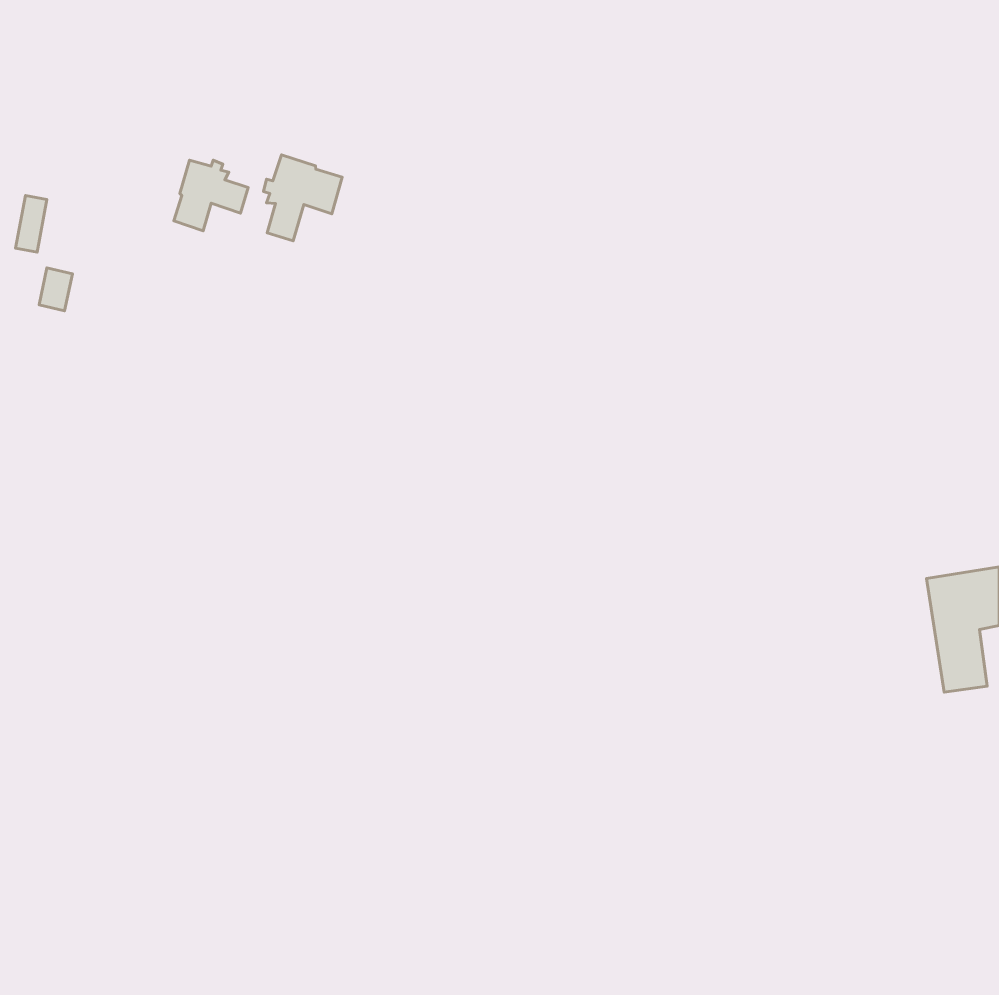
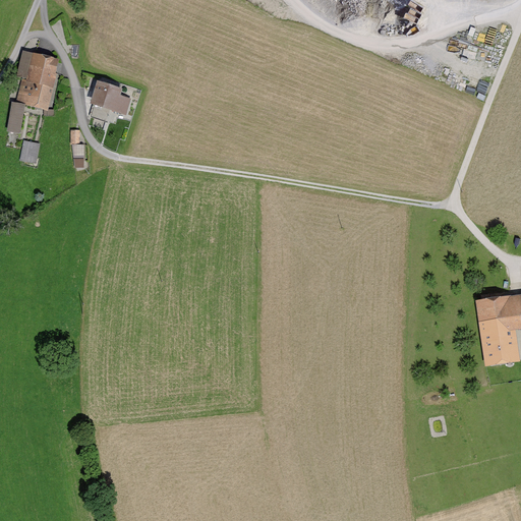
building: none -> [18,51,56,105]
building: [264,155,342,241] -> none

